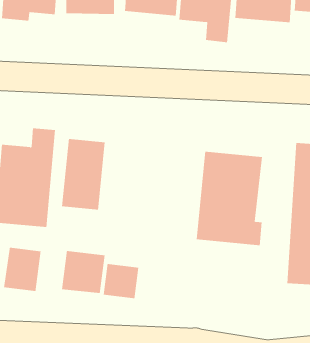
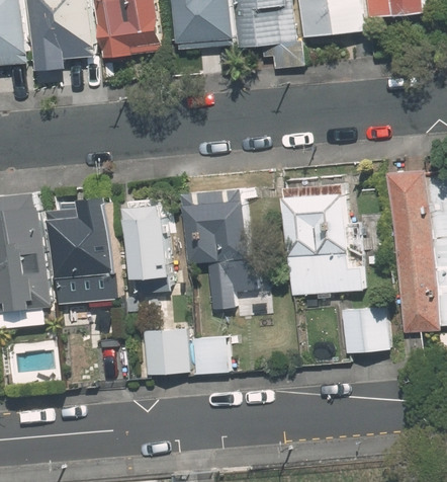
building: none -> [181,187,251,310]
building: [4,247,41,292] -> none
building: none -> [340,306,387,352]

